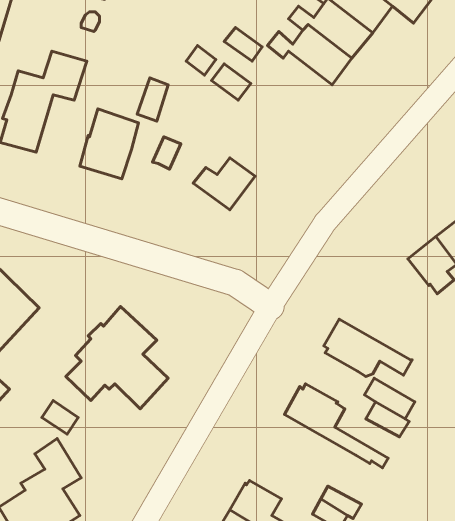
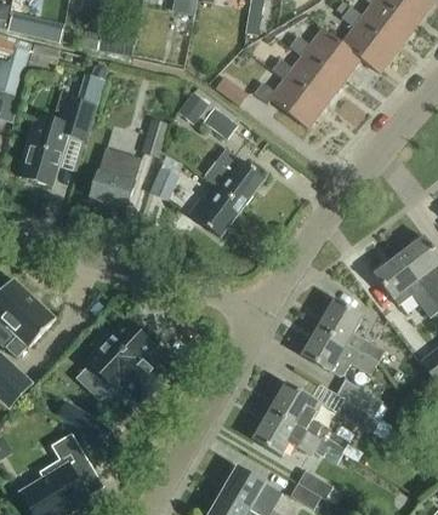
building: none -> [204,147,264,205]
building: none -> [314,302,383,364]
building: none -> [252,411,329,457]

